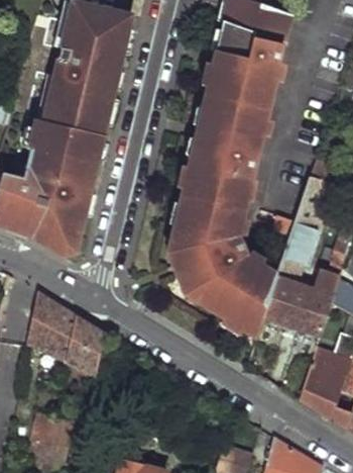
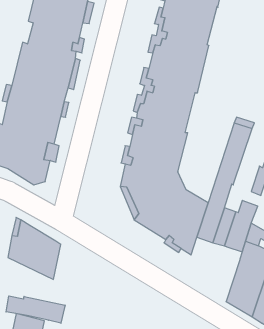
building: none -> [6,296,65,323]

